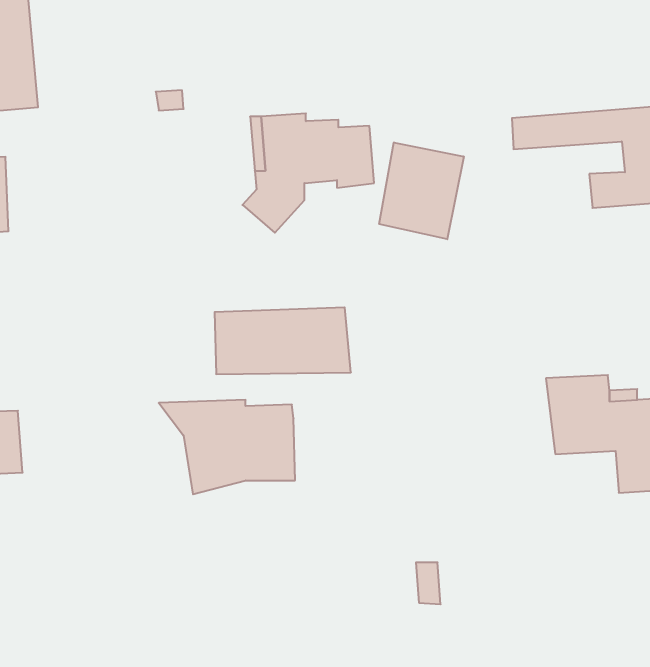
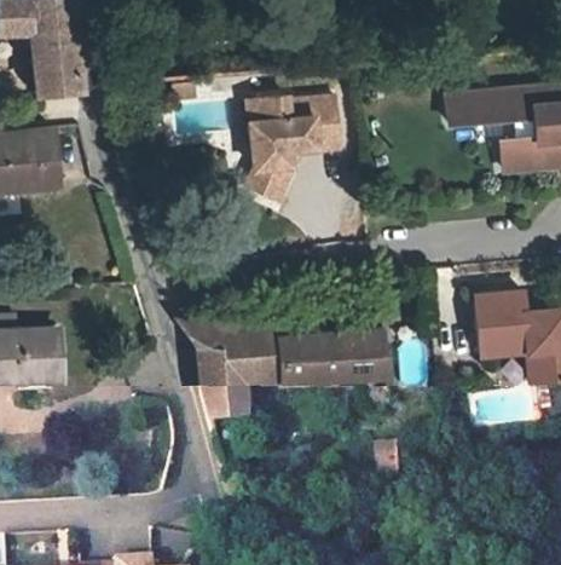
building: [379,142,464,239] -> none
building: [215,307,351,374] -> [280,329,387,381]
building: none -> [202,381,243,420]

